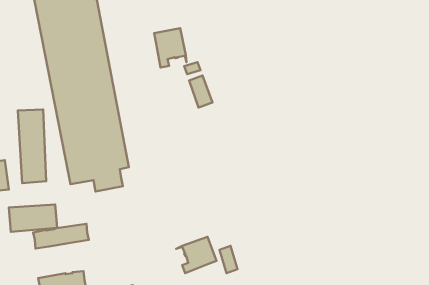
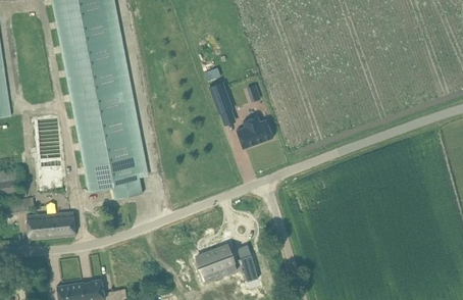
building: [154,28,186,67] -> none
building: none -> [236,116,273,149]
building: [33,224,89,248] -> none

